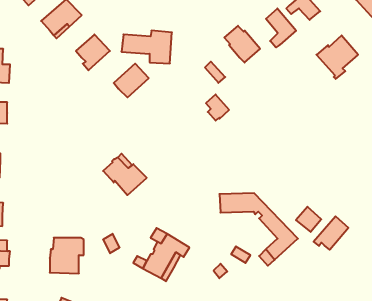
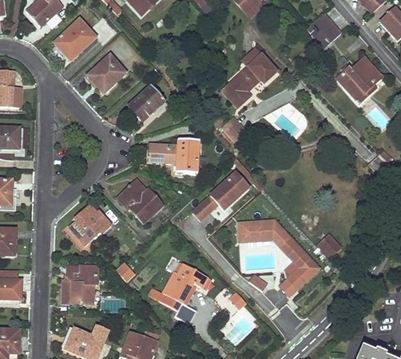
building: [266,8,296,47] -> none
building: [121,31,172,63] -> [147,139,199,173]
building: none -> [229,67,259,100]
building: none -> [191,172,252,223]
building: none -> [69,205,111,245]
building: [314,216,348,250] -> none

